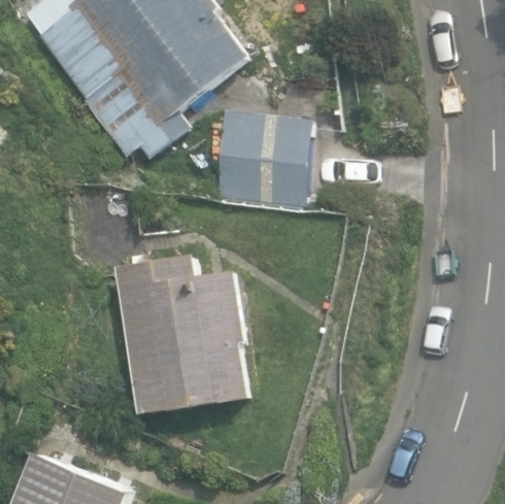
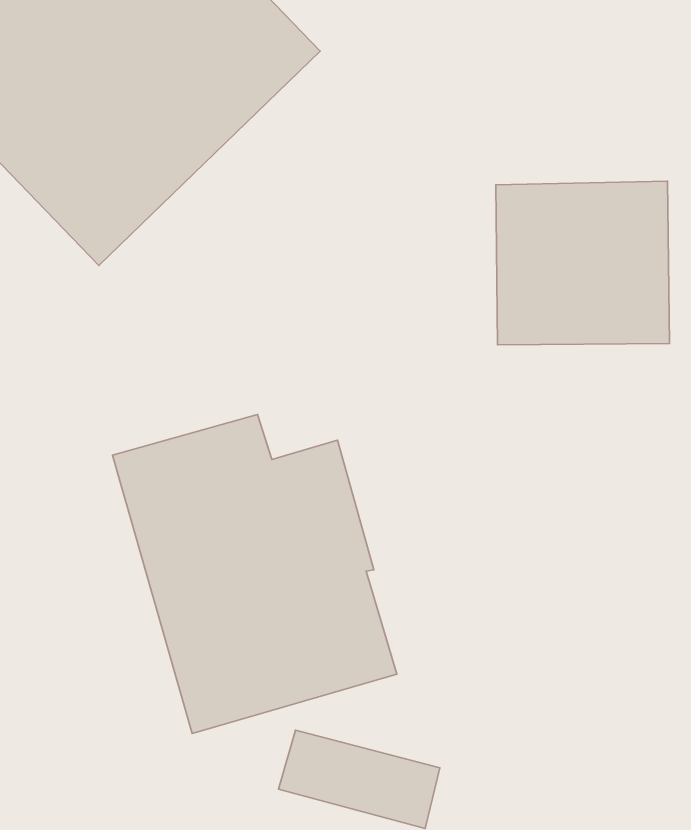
building: [209,111,311,208] -> [496,181,670,345]

